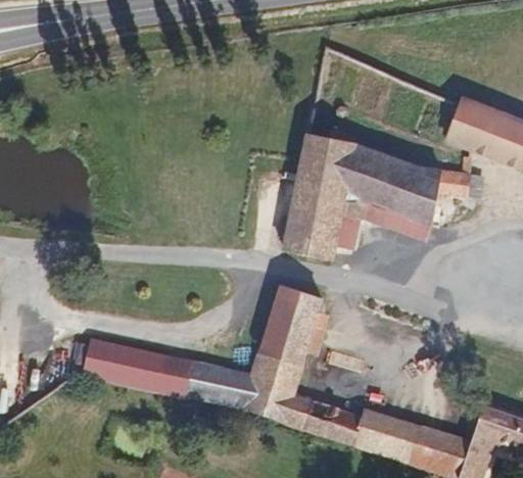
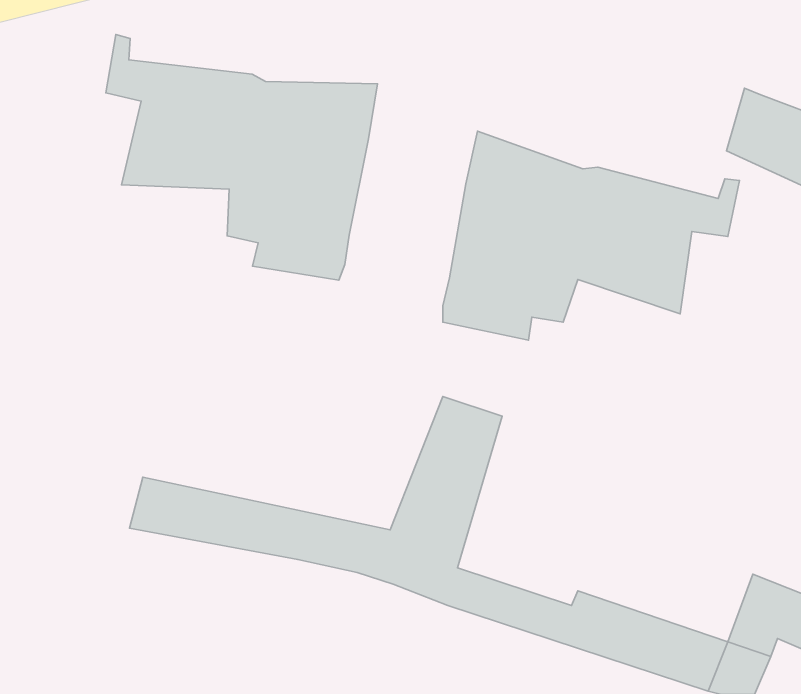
building: none -> [106,35,377,280]

